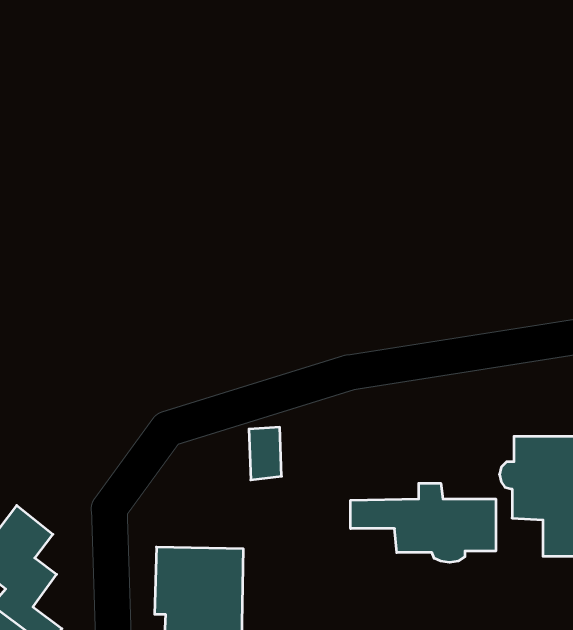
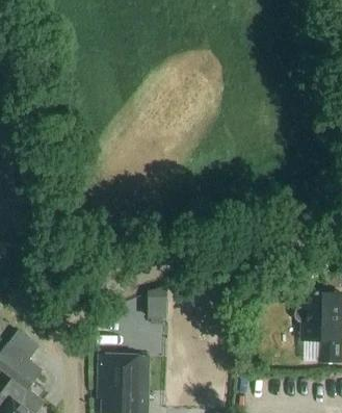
building: [351,483,496,562] -> none

